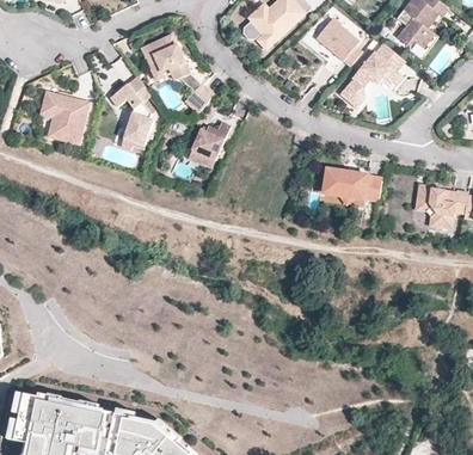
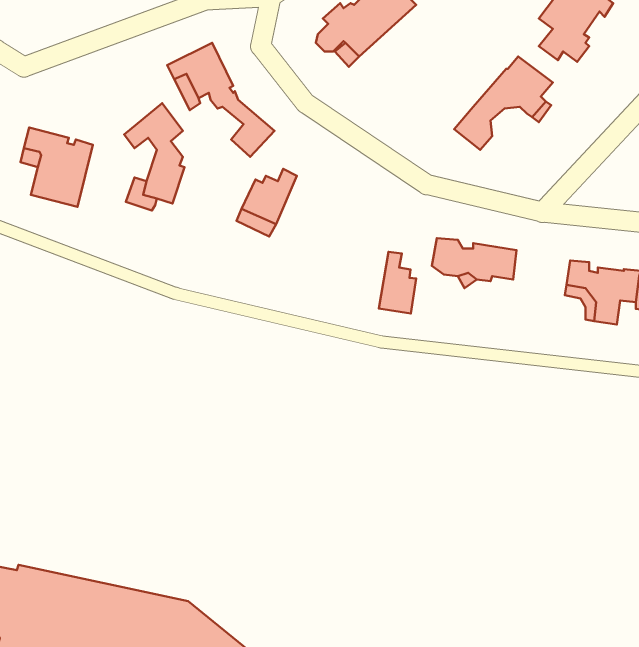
building: [317,17,363,66] -> none
building: none -> [379,252,416,313]

